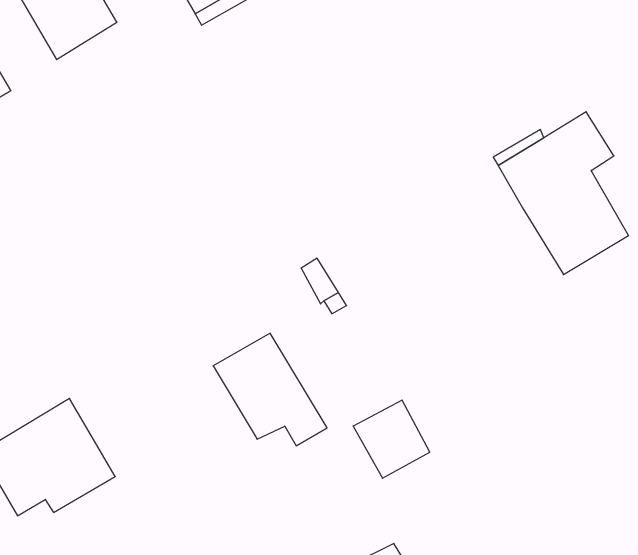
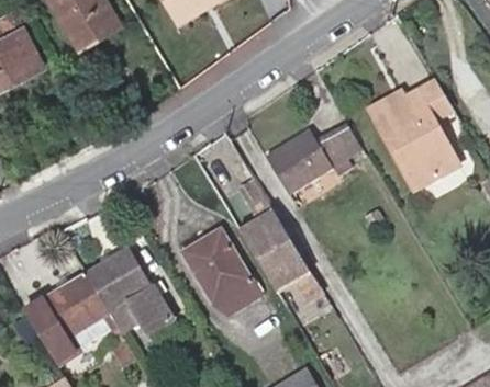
building: none -> [267,127,363,192]
building: none -> [242,215,310,292]
building: none -> [86,248,172,334]

